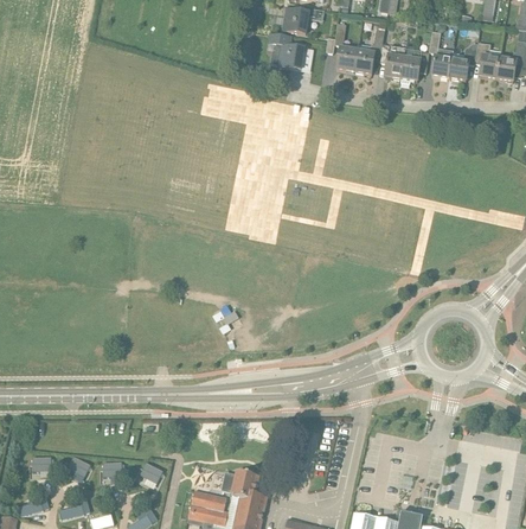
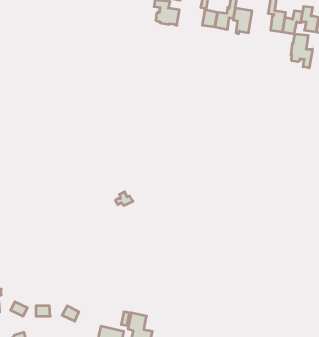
building: [400,47,429,83] -> none
building: none -> [291,34,312,68]

